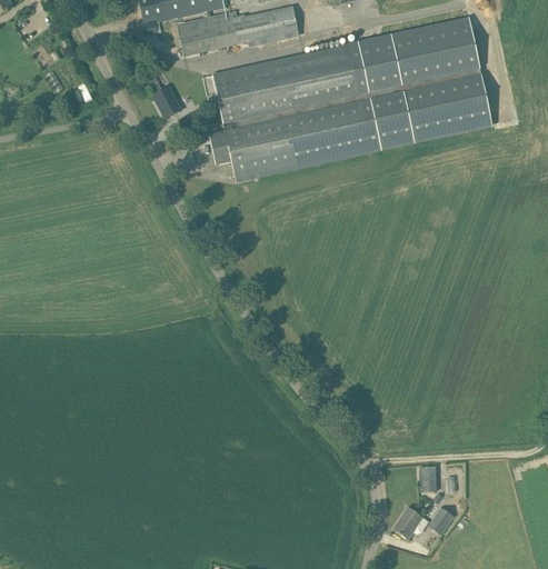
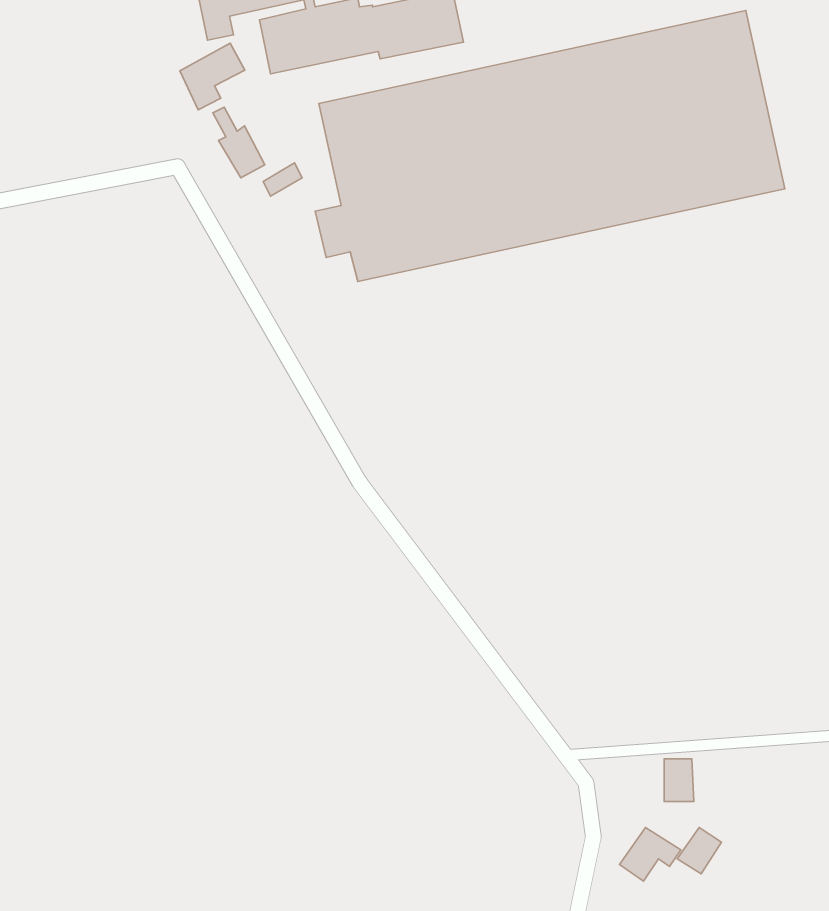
building: none -> [180,43,245,110]

